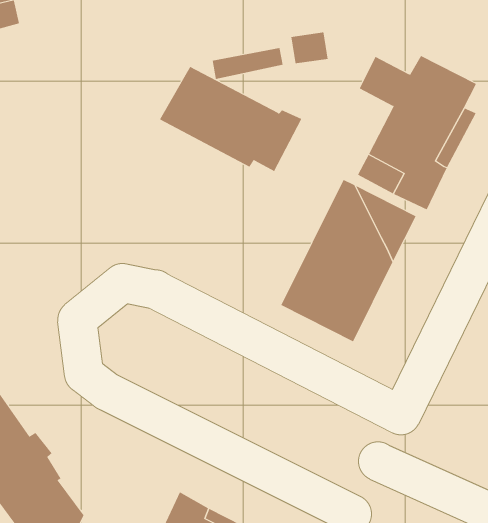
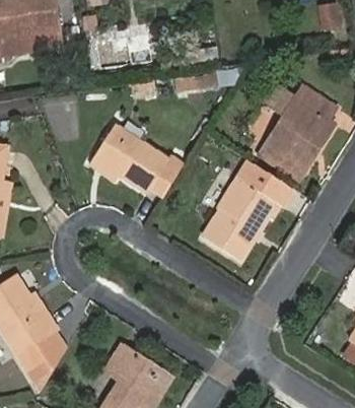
building: [159,66,302,172] -> [95,127,185,198]

